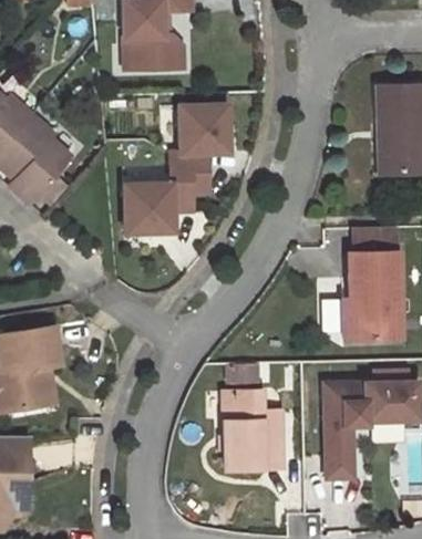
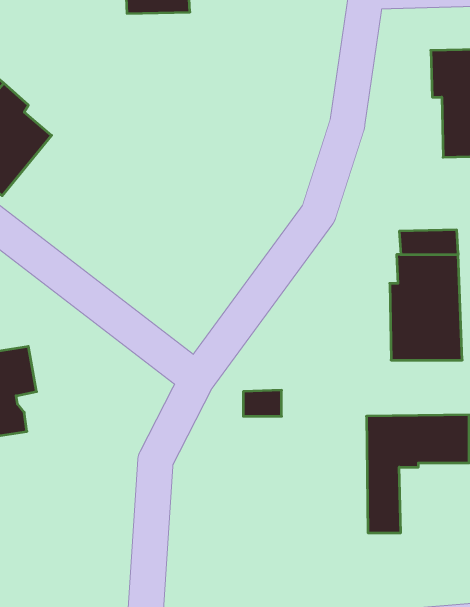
building: [126,105,230,234] -> none
building: [223,392,280,469] -> none

